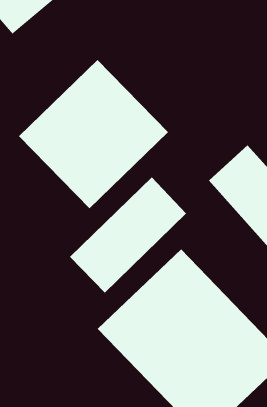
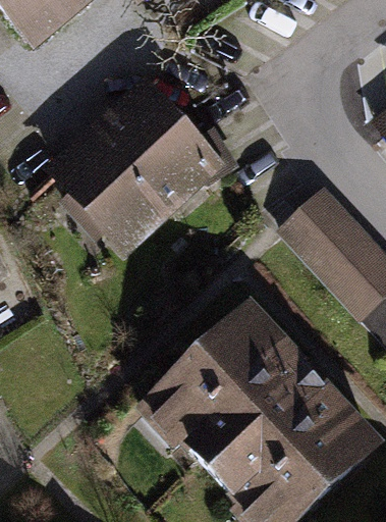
building: [69,177,187,294] -> none

